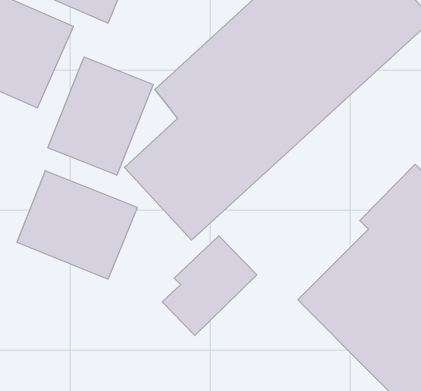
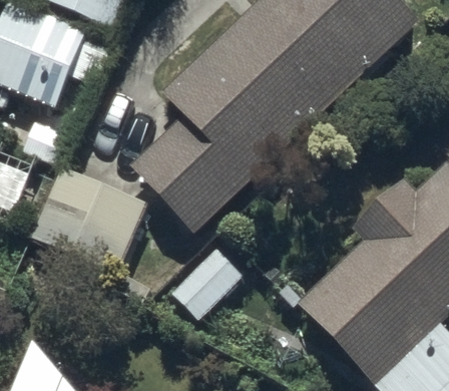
building: [48,57,153,175] -> none

